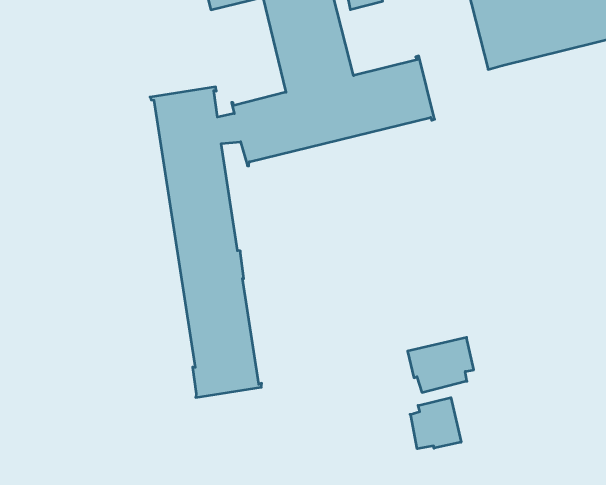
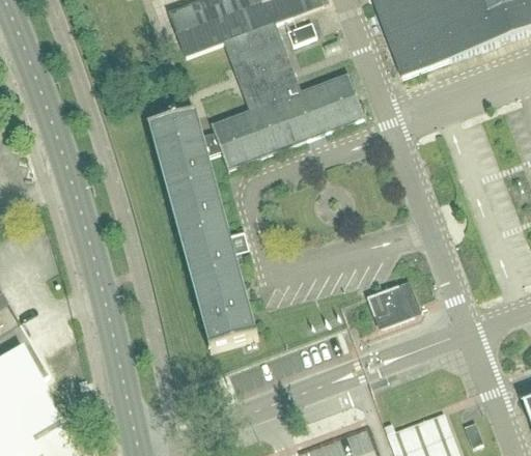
building: [410,398,461,449] -> none

